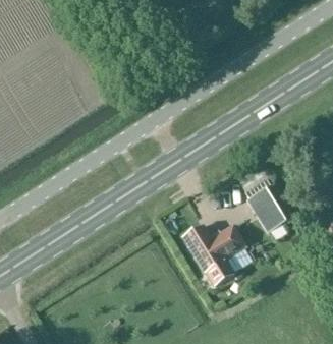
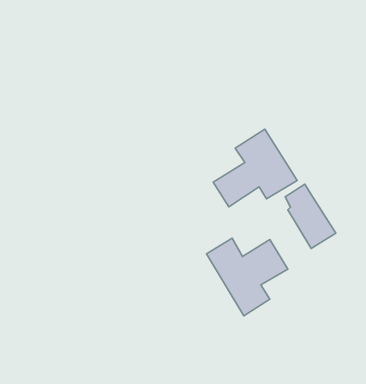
building: none -> [213,129,297,207]

